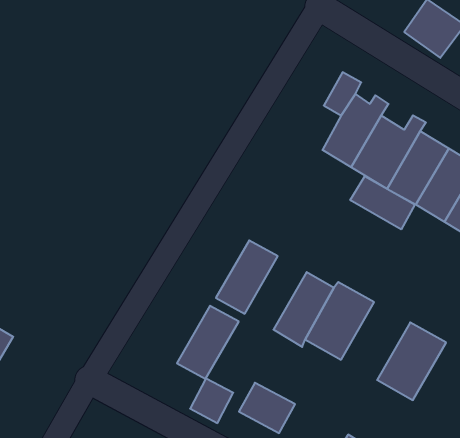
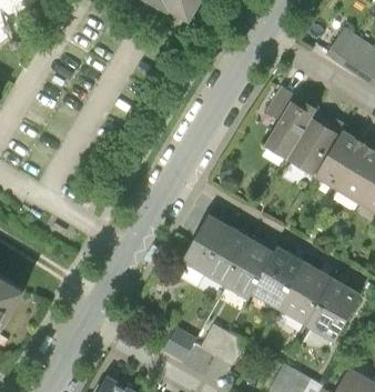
building: [350,176,415,229] -> none
building: none -> [280,265,333,325]
building: [177,306,239,379] -> [205,230,253,287]

